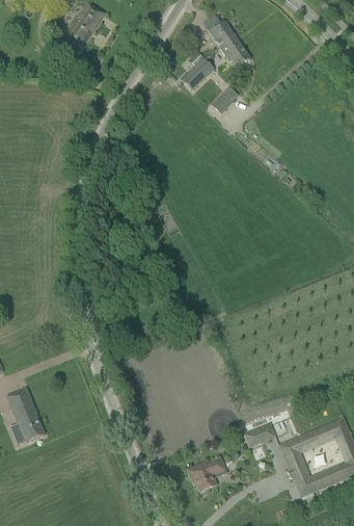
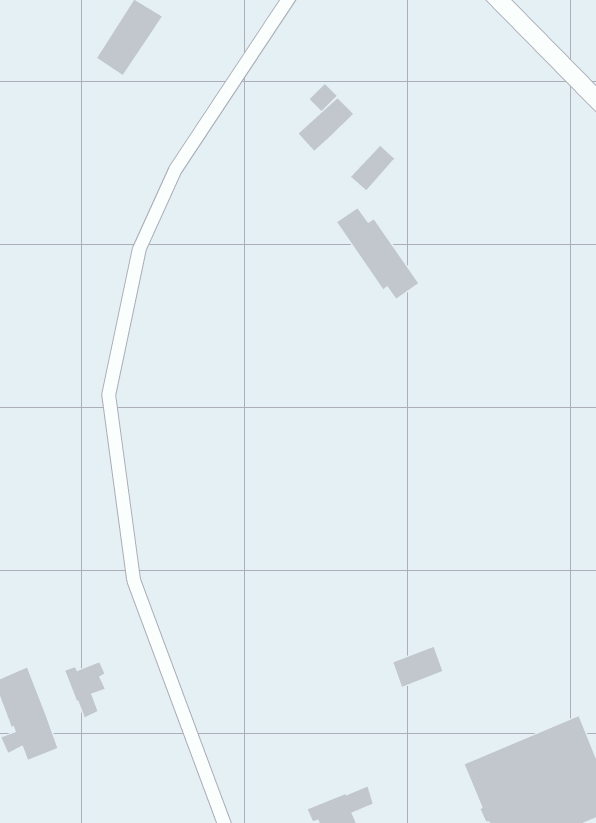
building: [202,15,250,68] -> [336,208,419,300]
building: none -> [65,662,105,718]
building: [246,422,275,446] -> [393,646,443,688]

